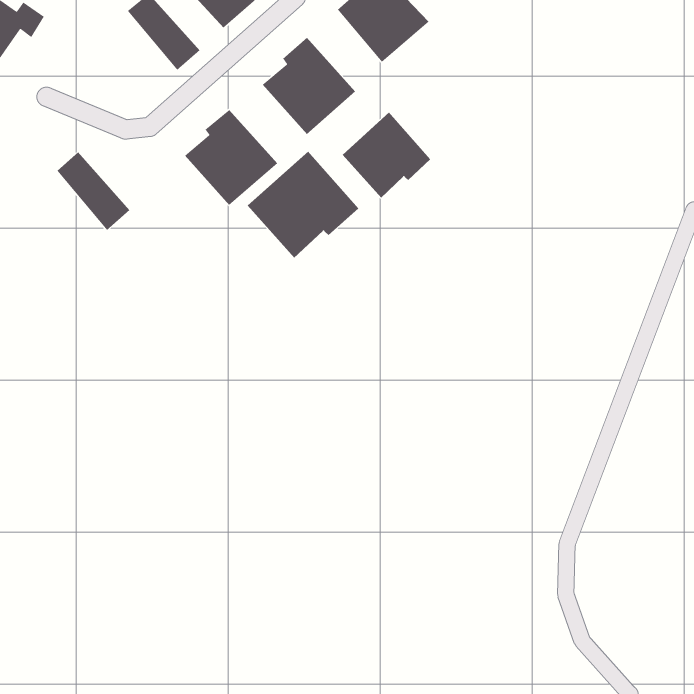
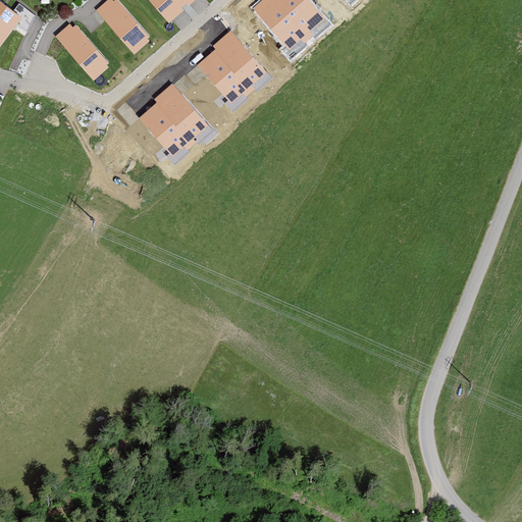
building: [342,111,431,199] -> none
building: [247,151,359,259] -> none
building: [56,152,130,231] -> [55,20,110,80]

